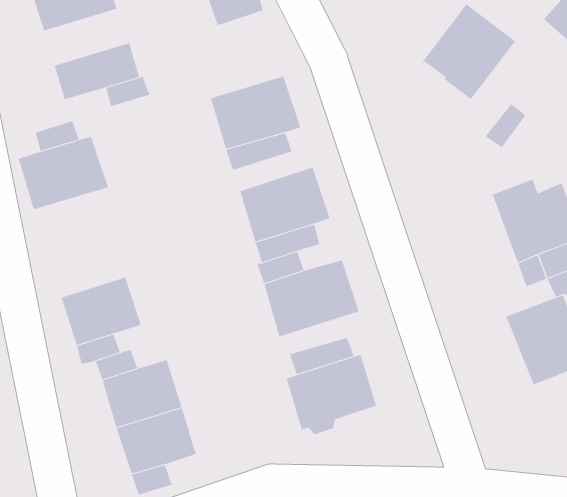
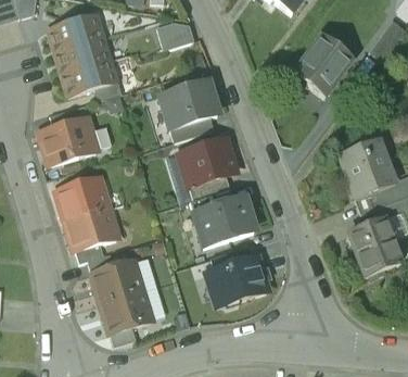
building: none -> [55,37,109,73]
building: none -> [56,177,107,219]

